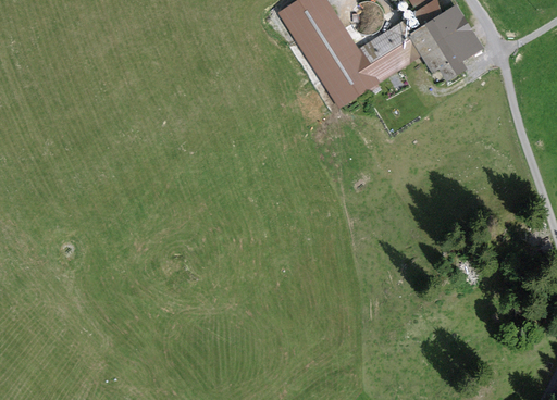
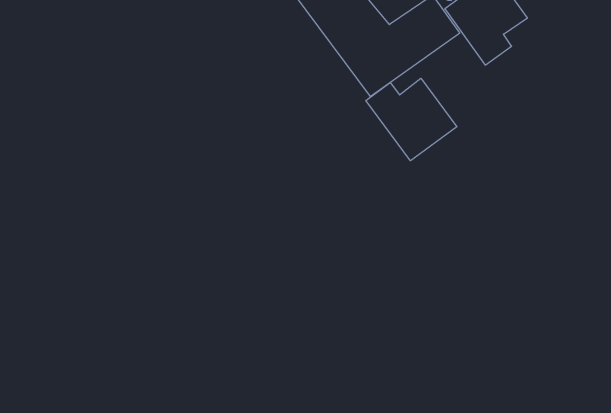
building: none -> [366,78,457,161]

